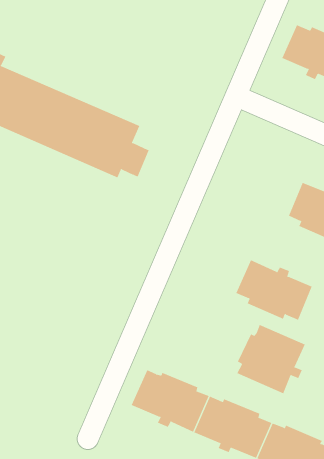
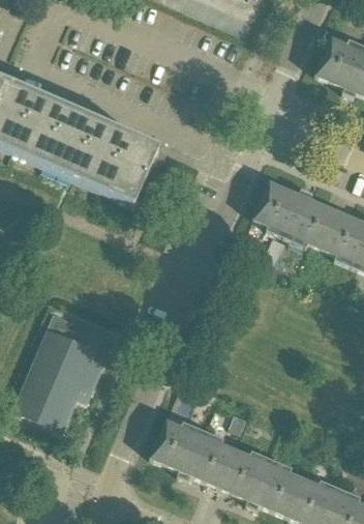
building: [236,259,312,320] -> [253,180,338,248]
building: none -> [13,312,116,430]
building: [237,324,306,394] -> none

